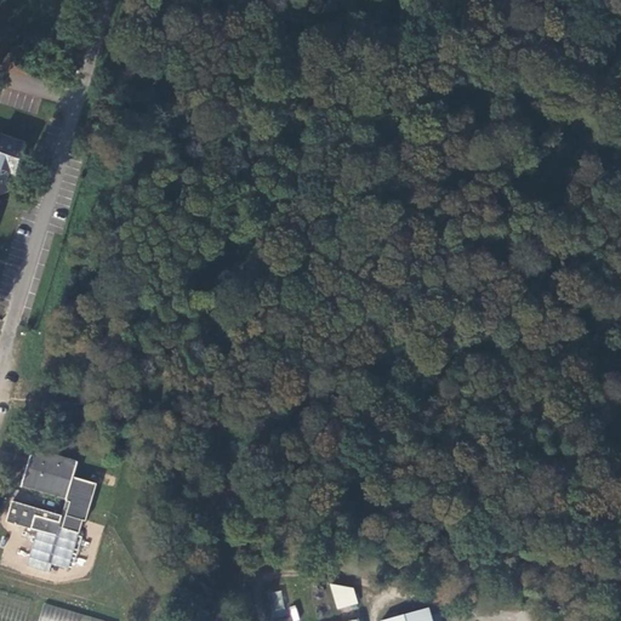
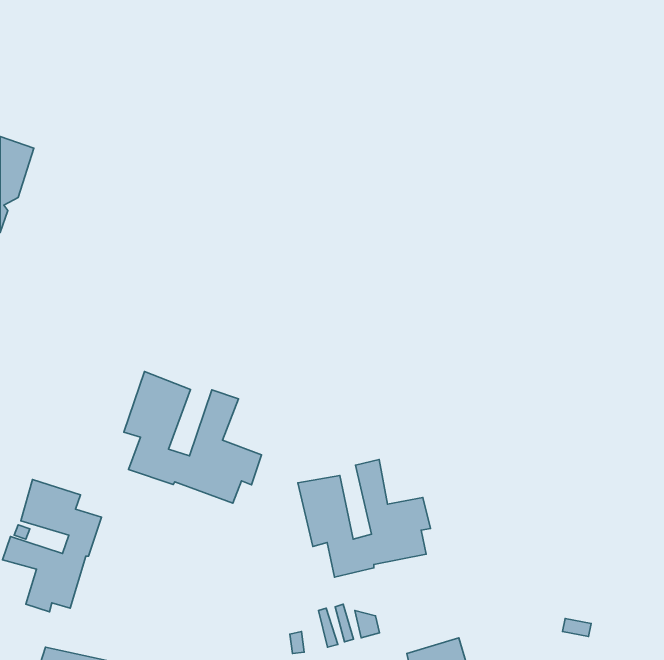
building: none -> [124,371,261,503]
building: none -> [298,460,430,577]

